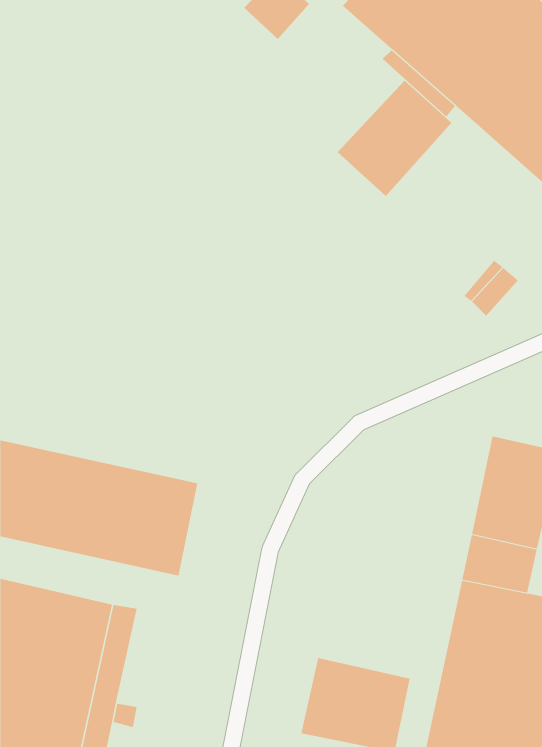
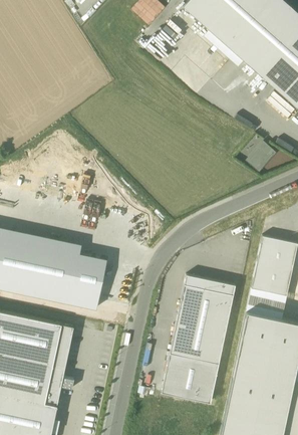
building: [337,80,452,197] -> none
building: none -> [170,274,236,364]

